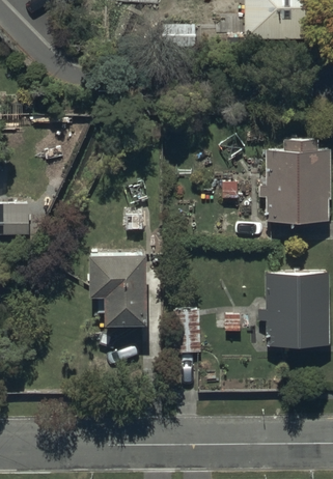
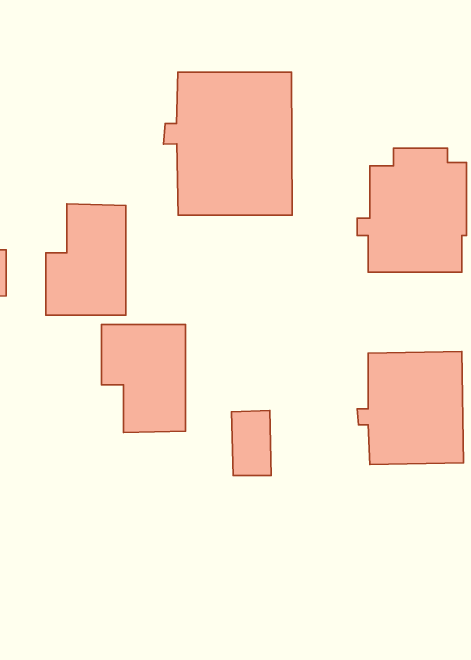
building: none -> [163,72,292,215]
building: none -> [46,204,126,315]

